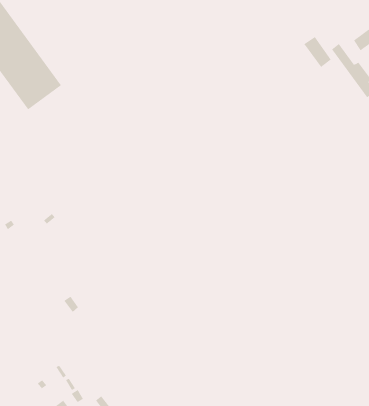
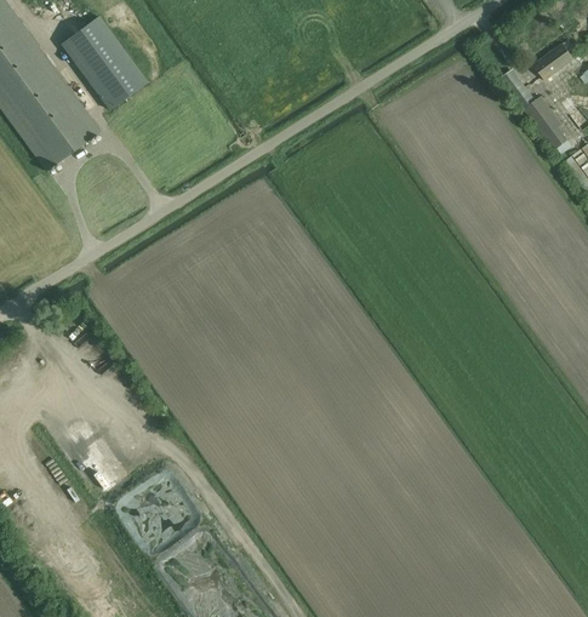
building: none -> [61,15,148,109]
building: [304,36,332,68] -> none

